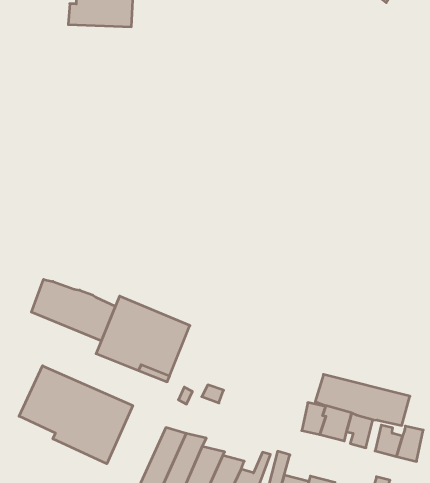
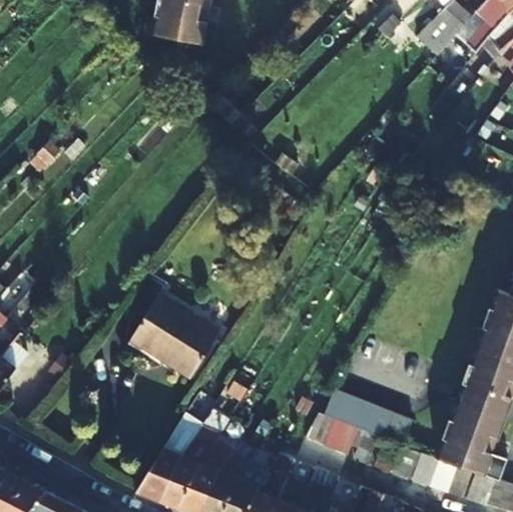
building: [31,279,115,341] -> none
building: [19,366,133,464] -> none

